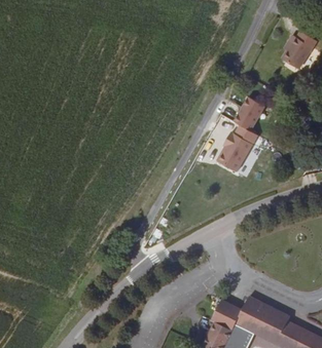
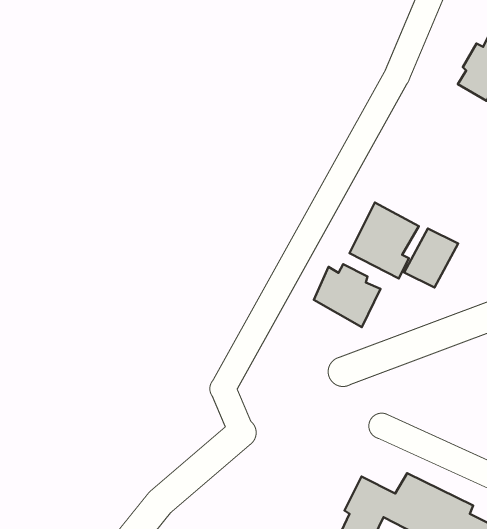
building: [231,96,264,132] -> [404,228,458,288]
building: none -> [314,264,381,327]

